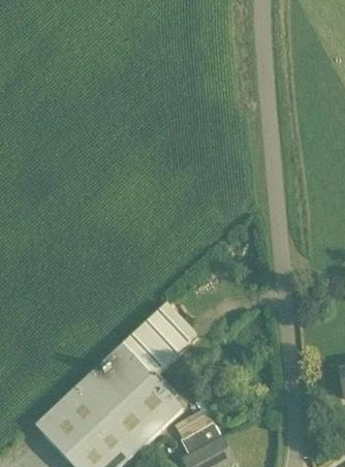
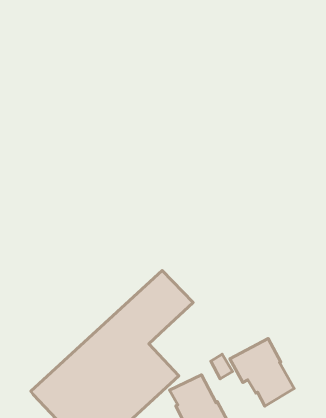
building: none -> [230,339,294,406]

